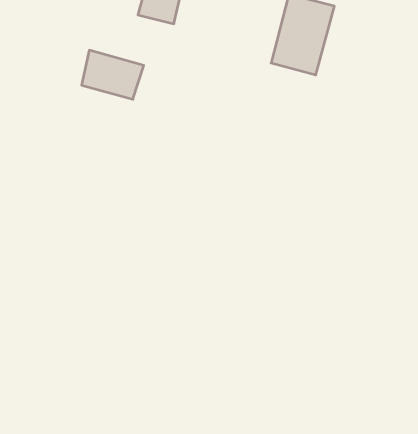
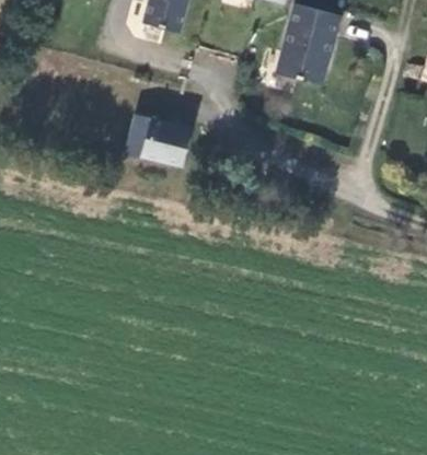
building: [82,50,144,99] -> [126,117,188,166]

